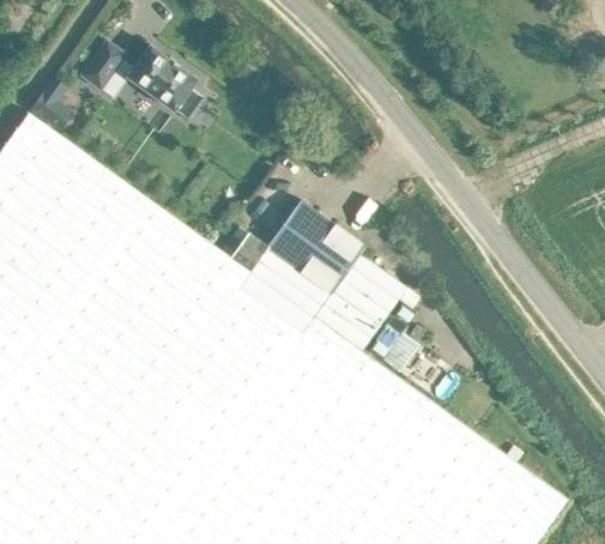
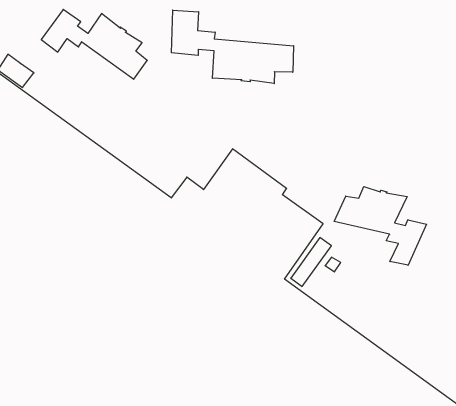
building: none -> [171,10,294,84]
building: none -> [334,187,427,265]

